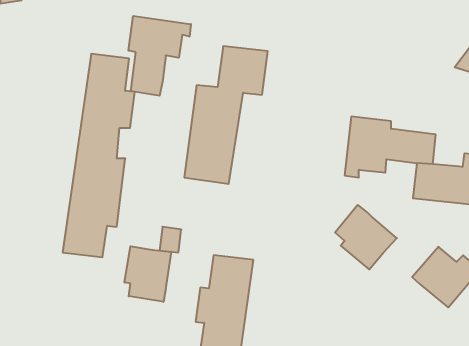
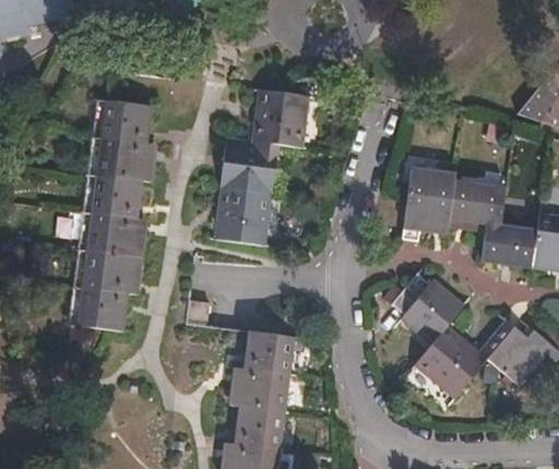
building: [128,16,191,96] -> none
building: [125,246,171,302] -> none
building: none -> [411,324,486,399]

